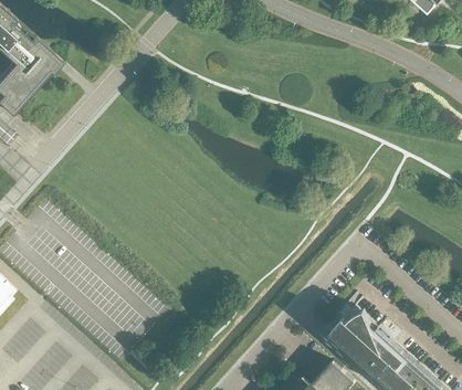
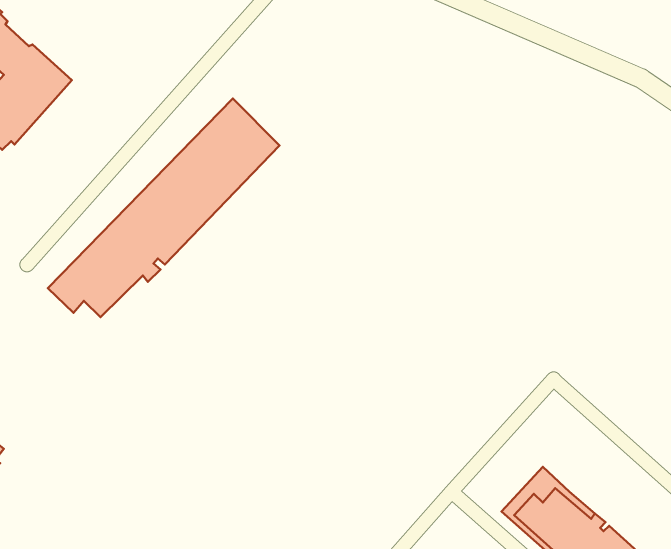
building: none -> [48,98,280,317]

